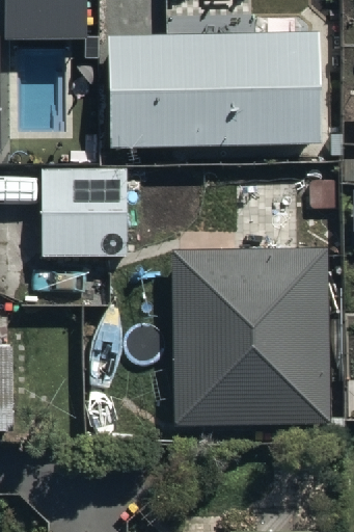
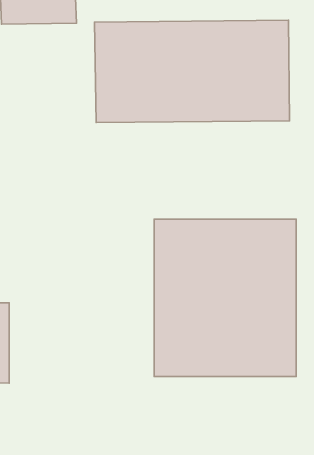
building: [40,169,127,256] -> none

